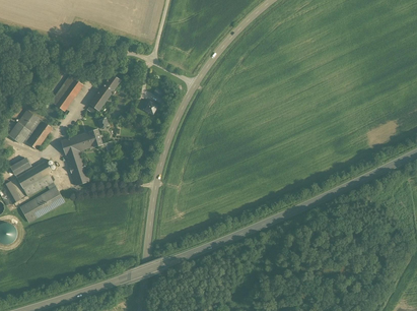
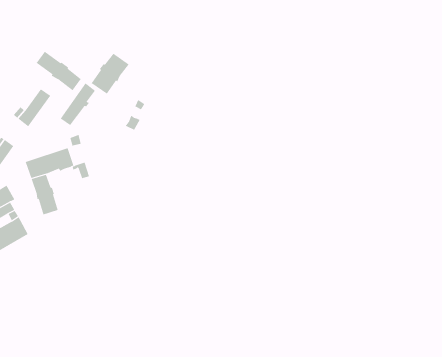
building: none -> [36,51,82,91]
building: none -> [91,53,129,95]

